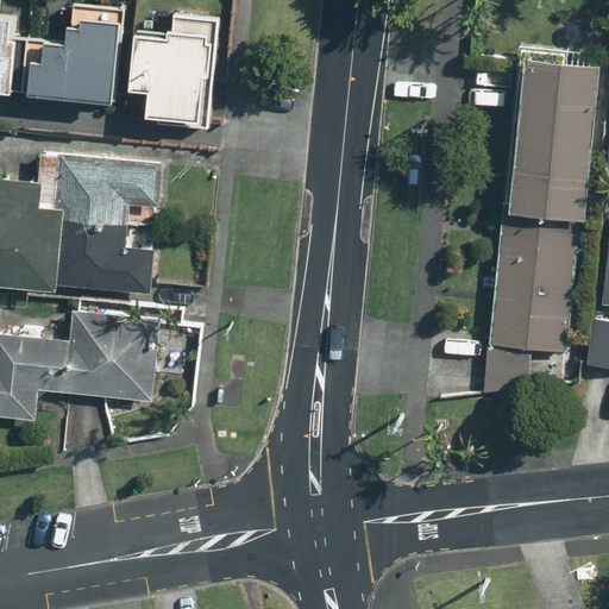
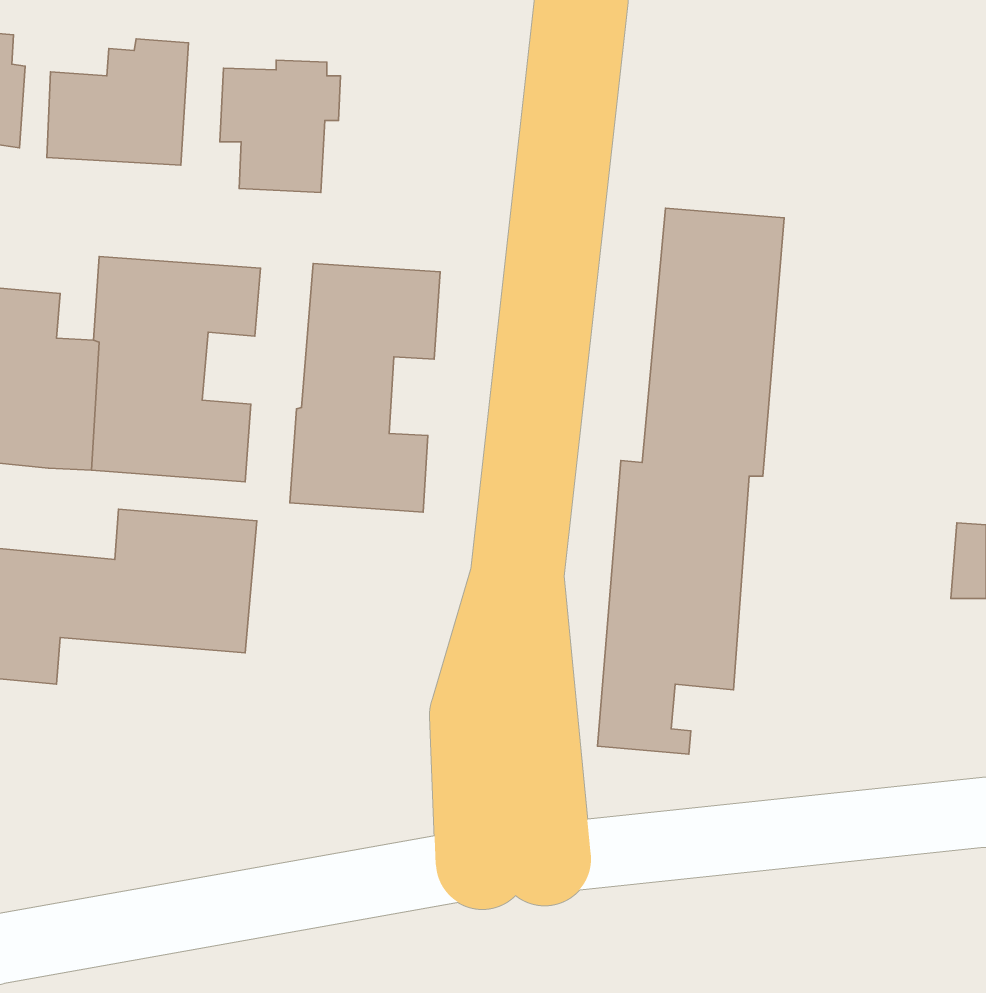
building: [483,59,597,394] -> [597,208,784,754]
building: none -> [290,263,440,512]

